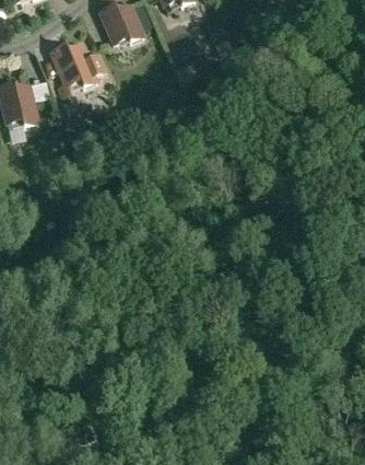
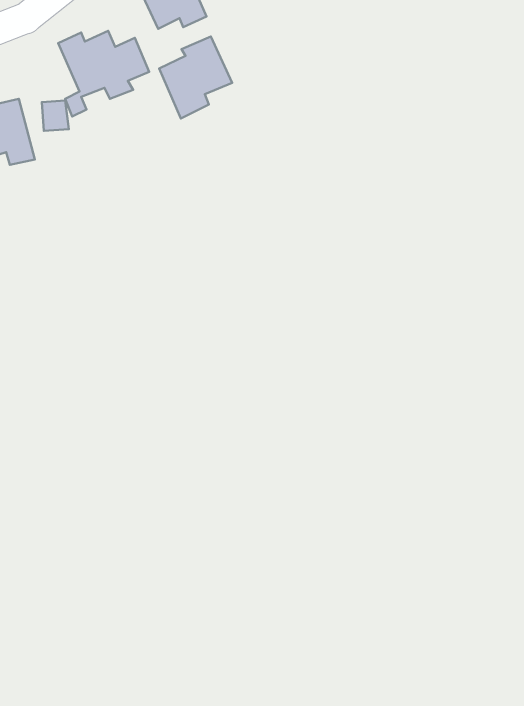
building: none -> [159,36,232,118]

